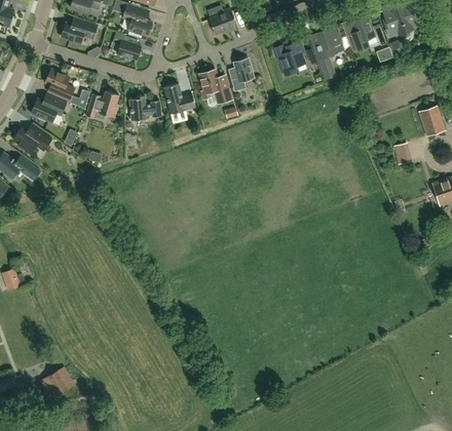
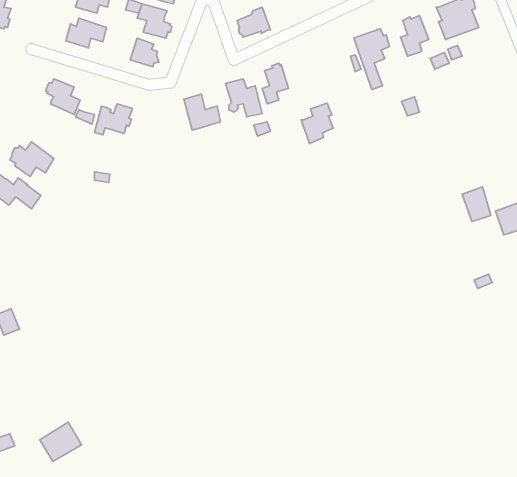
building: [277,41,305,76] -> [301,103,333,144]
building: [31,94,66,122] -> none
building: [129,95,161,120] -> none
building: [419,106,444,135] -> [462,187,491,221]

